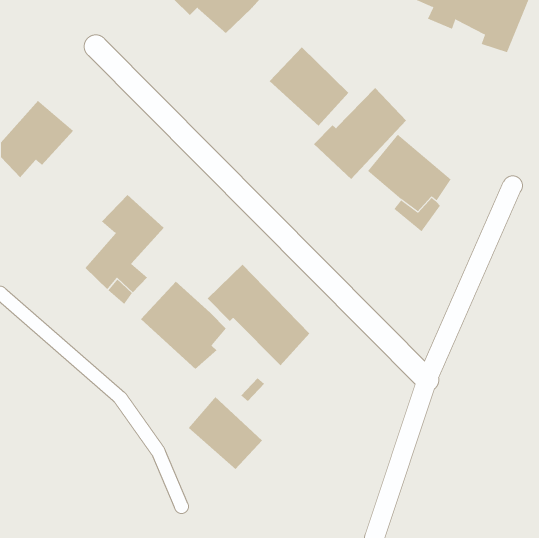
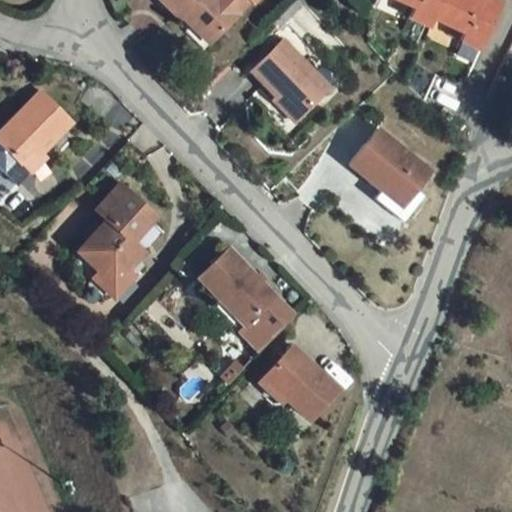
building: [313,87,407,180] -> none
building: [140,281,226,370] -> none
building: [188,396,263,470] -> [270,345,341,415]

